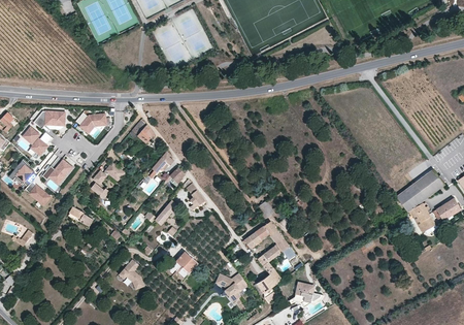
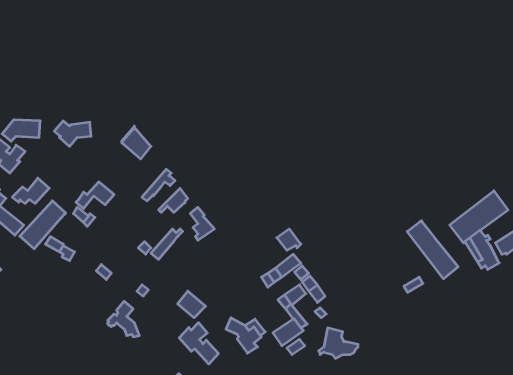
building: none -> [20,201,66,249]
building: none -> [407,221,458,279]
building: none -> [179,323,218,364]

